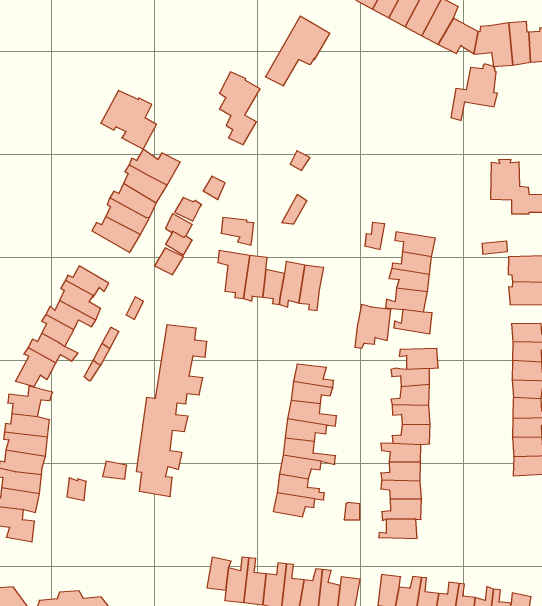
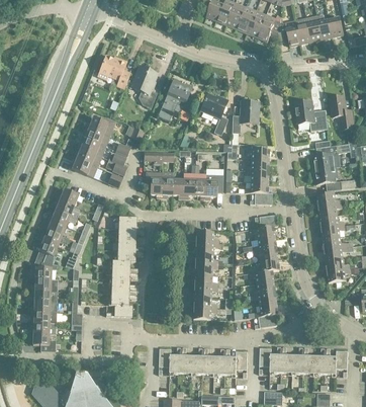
building: [265,16,330,86] -> [158,79,192,120]
building: [451,64,497,121] -> [233,99,258,134]
building: [101,90,156,149] -> [98,57,130,89]
building: none -> [200,94,227,136]
building: [355,304,391,348] -> [205,174,223,199]

